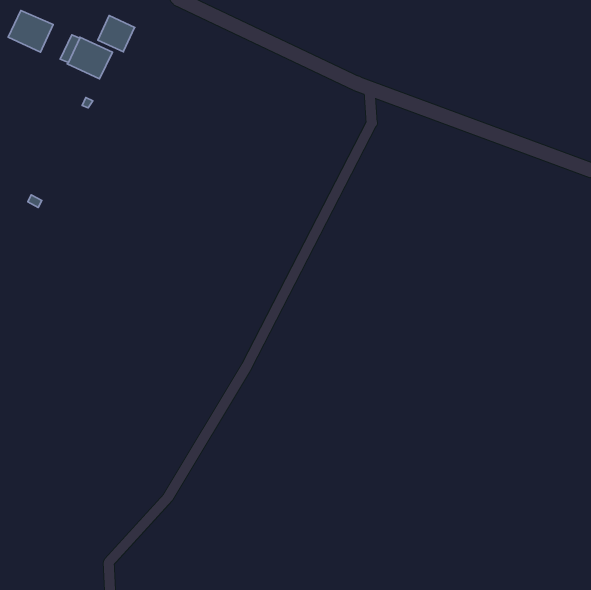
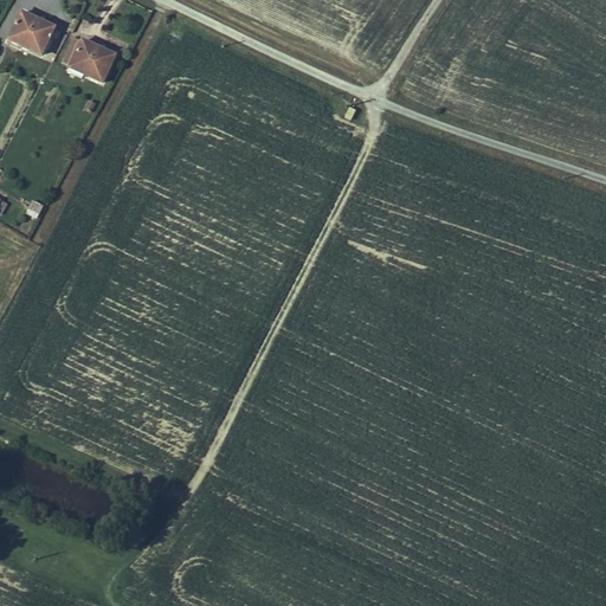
building: [98,15,135,52] -> none

